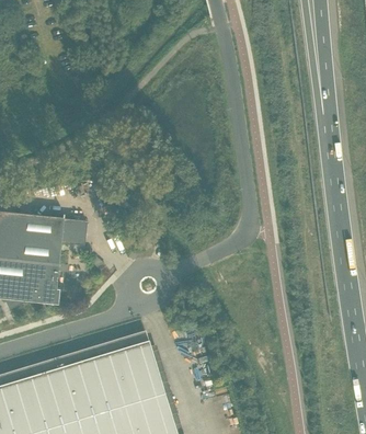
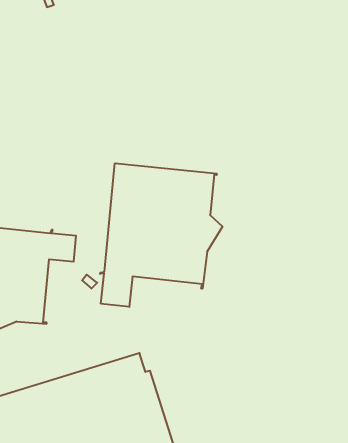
building: none -> [100,163,222,307]

